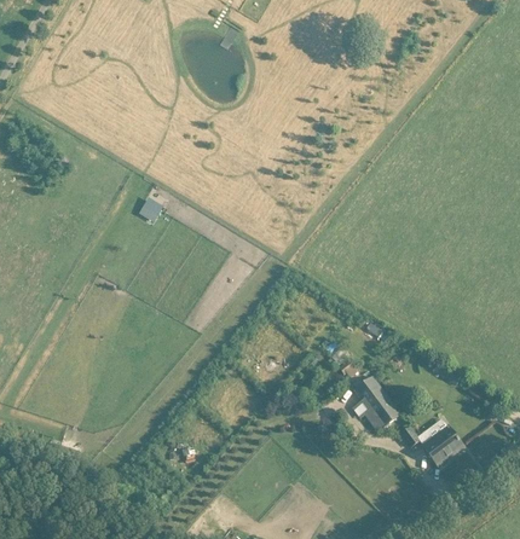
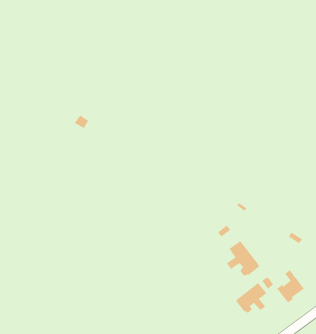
building: none -> [235,282,267,314]

